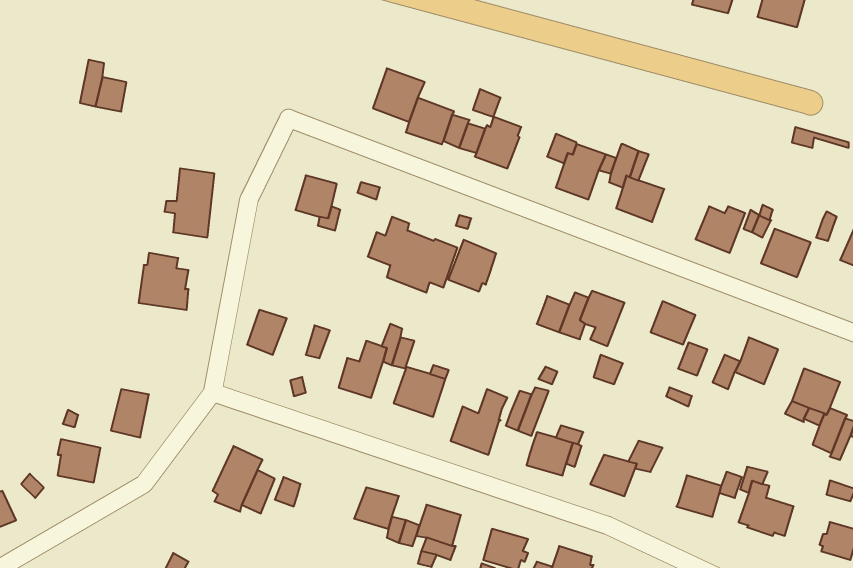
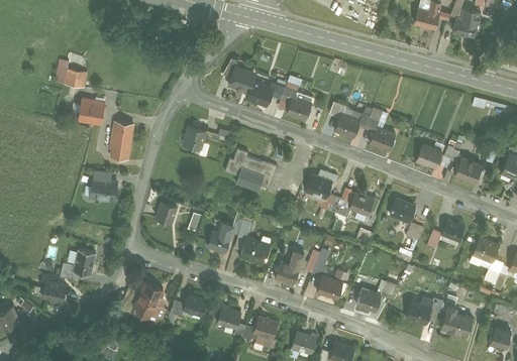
building: none -> [77,95,105,124]
building: [448,240,496,291] -> [304,173,332,204]
building: none -> [182,292,206,317]

